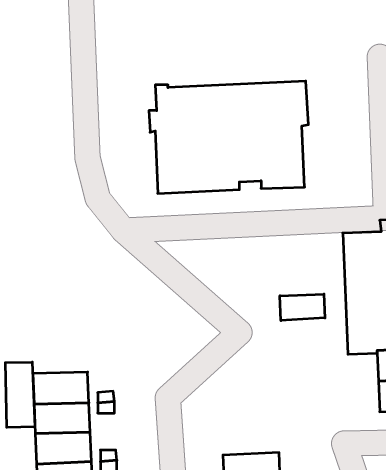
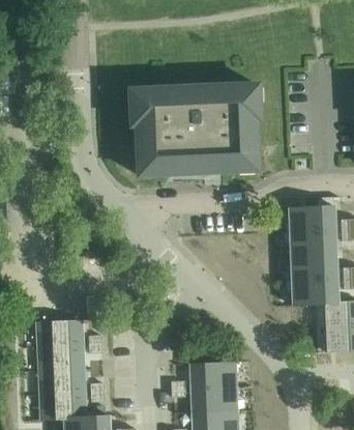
building: [280,294,325,321] -> none
building: [5,362,35,427] -> none
building: none -> [189,363,236,389]

